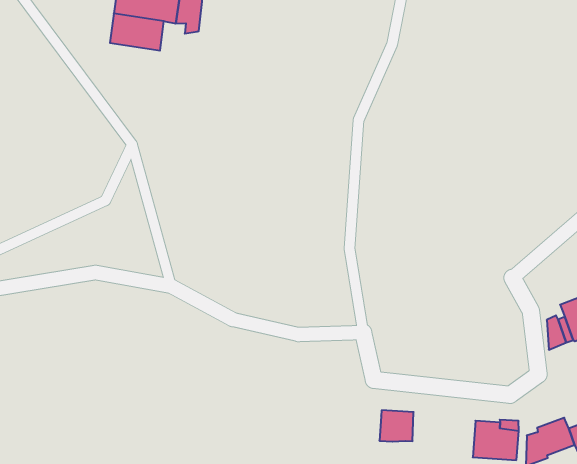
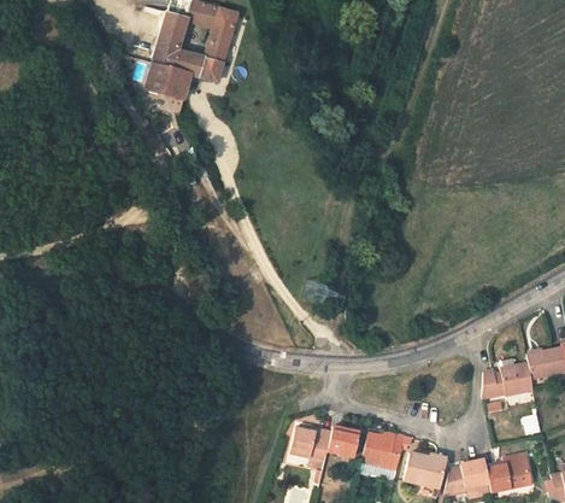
building: none -> [360,433,402,469]
building: none -> [284,428,329,460]

